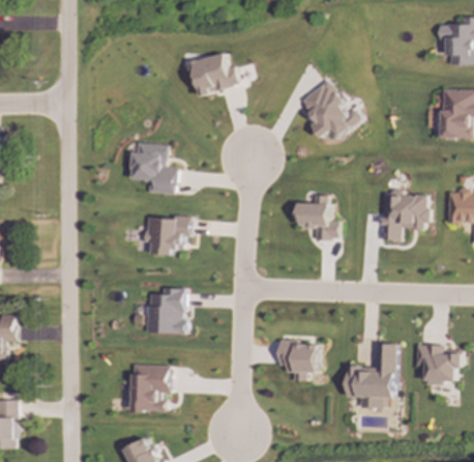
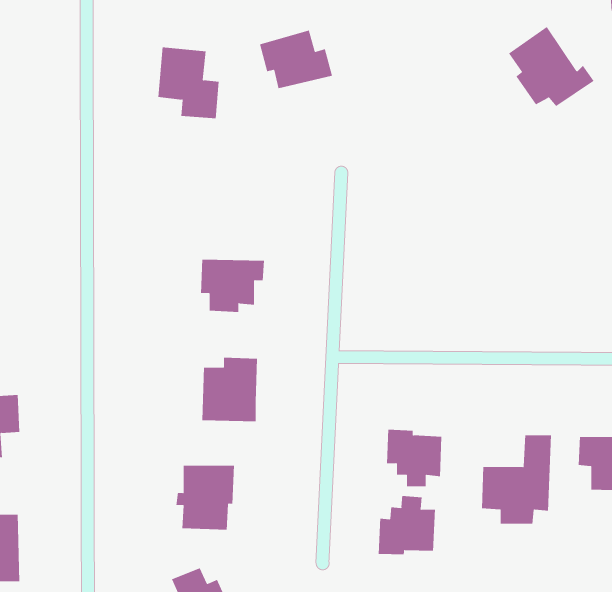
building: [300,80,362,138] -> [508,26,595,107]
building: [130,142,175,194] -> [157,47,219,119]
building: [381,191,426,240] -> none
building: [297,202,338,239] -> none
building: none -> [378,495,436,555]

